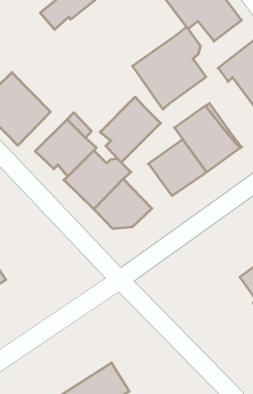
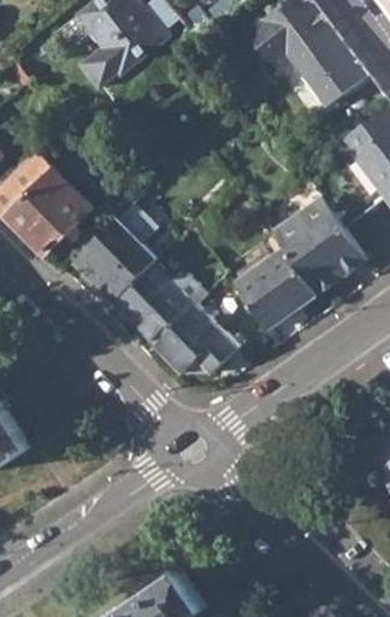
building: [132,27,206,109] -> none
building: [100,97,161,163] -> none

